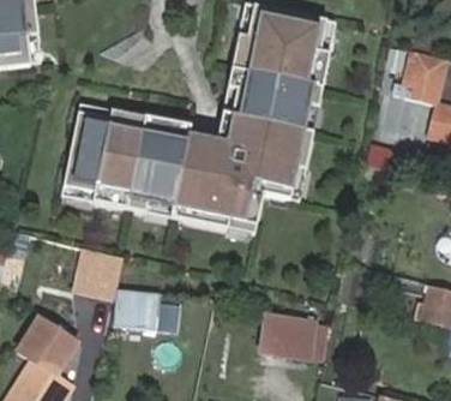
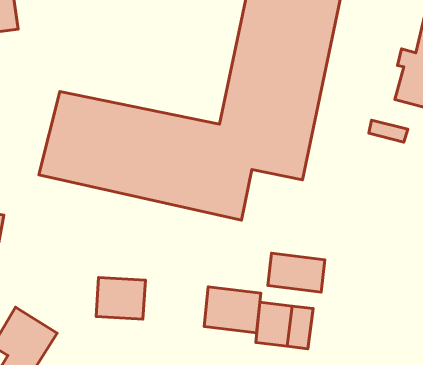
building: [68,244,121,298] -> none
building: none -> [268,253,325,292]
building: none -> [204,287,261,333]

